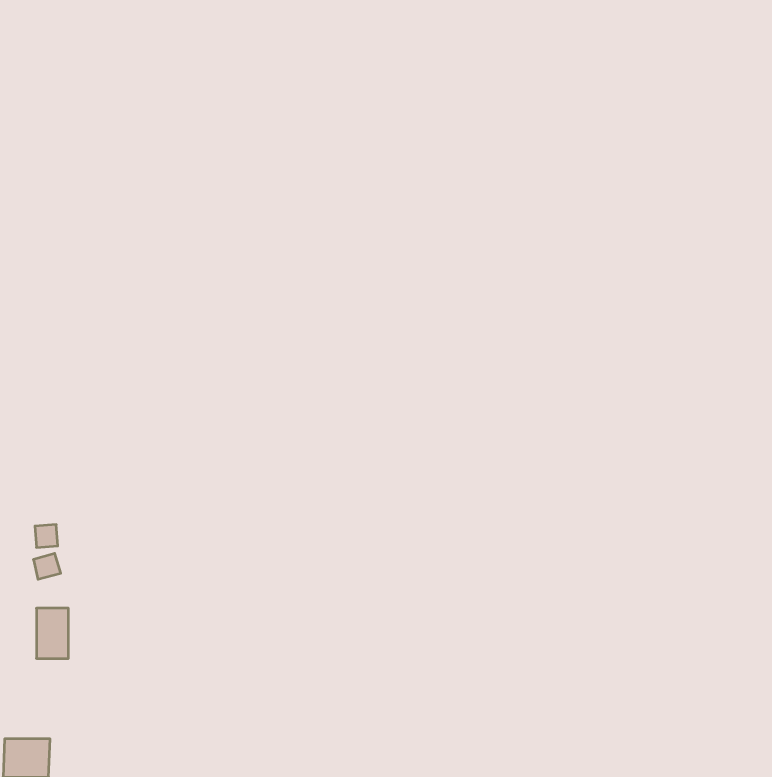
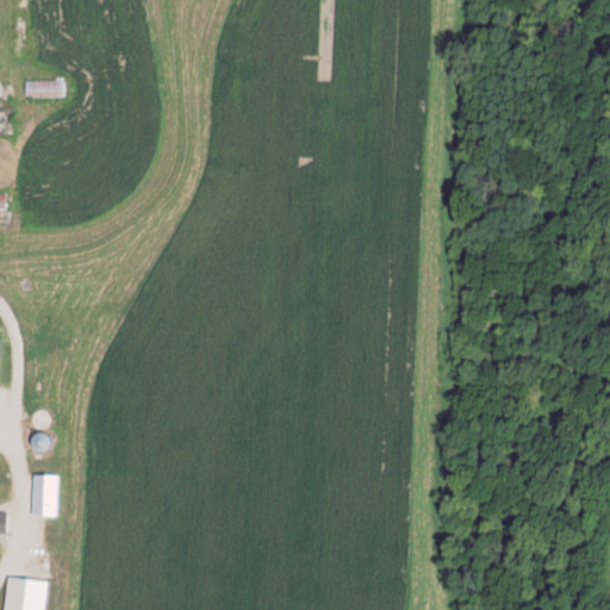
building: none -> [25,80,64,97]

